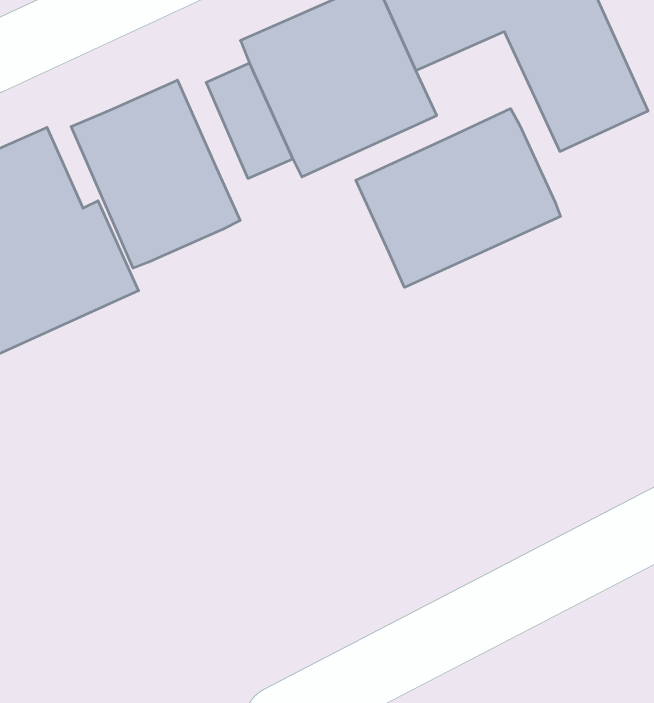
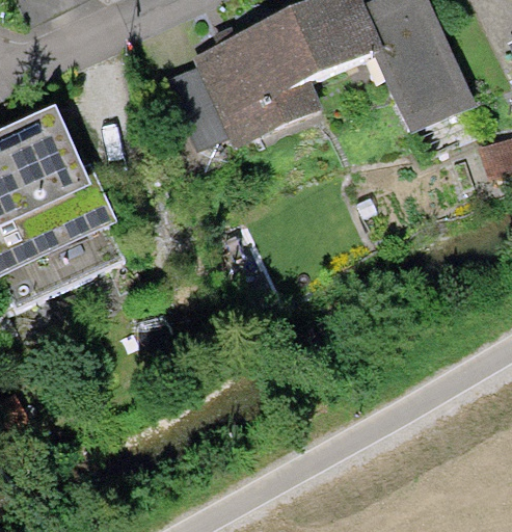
building: [71,80,240,268] -> none
building: [356,109,561,287] -> none

